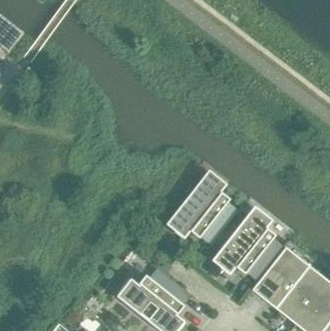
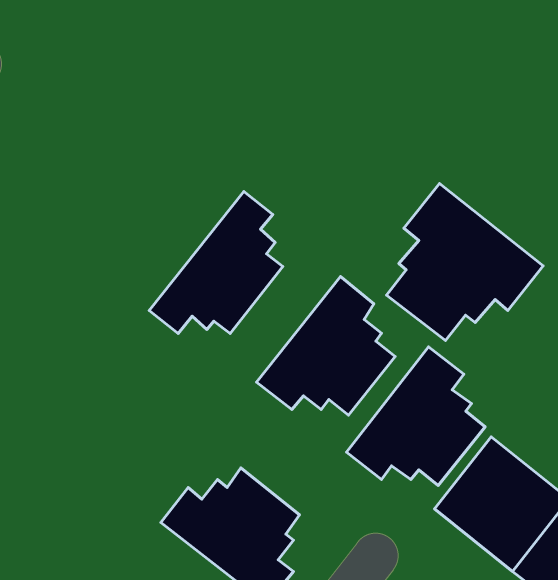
building: none -> [387,183,543,340]
building: none -> [149,192,283,334]

